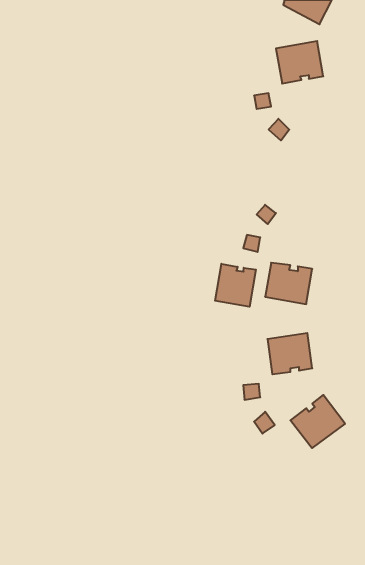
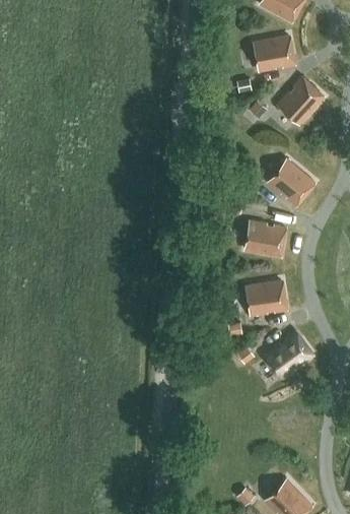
building: none -> [277,78,323,124]
building: none -> [268,159,313,205]
building: [215,264,256,307] -> none

